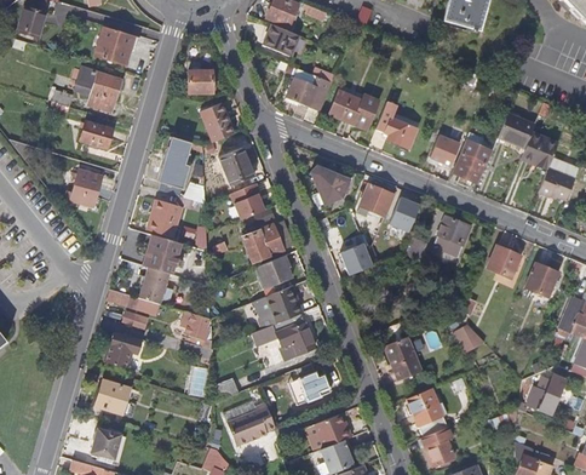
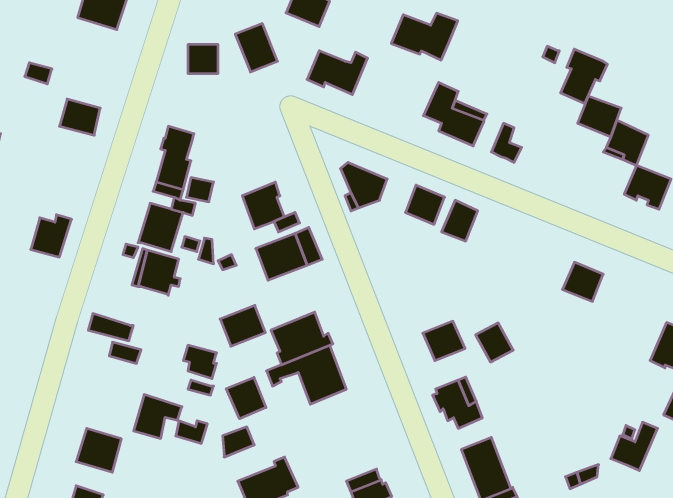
building: [82,64,127,108] -> none
building: [329,91,383,128] -> [391,13,458,60]
building: [200,105,234,144] -> [235,24,278,72]
building: [454,139,492,183] -> [561,49,607,104]
building: [219,149,253,188] -> none
building: [73,171,105,205] -> [31,215,72,257]
building: [433,218,467,256] -> none
building: [339,245,373,276] -> [423,321,465,361]
building: [255,256,292,288] -> [220,305,265,346]
building: [525,262,558,296] -> none
building: [140,267,170,304] -> none
building: [453,320,483,351] -> [476,323,513,362]
building: [104,332,143,367] -> [134,395,182,438]
building: none -> [226,377,266,419]
building: [297,362,328,400] -> none

